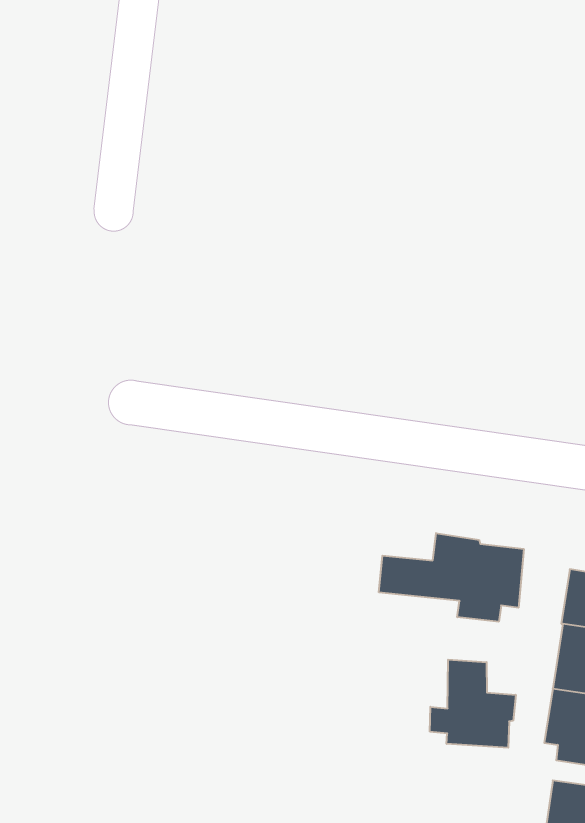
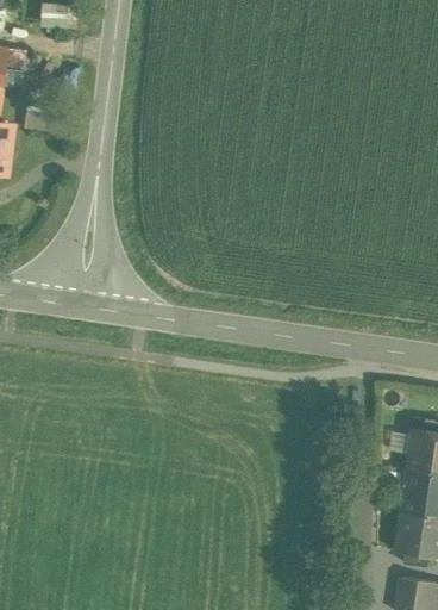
building: [379,533,524,622] -> none
building: [430,660,516,748] -> none

